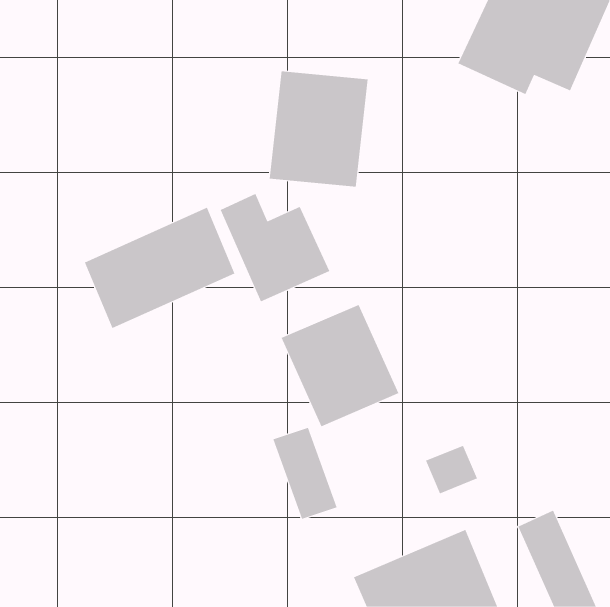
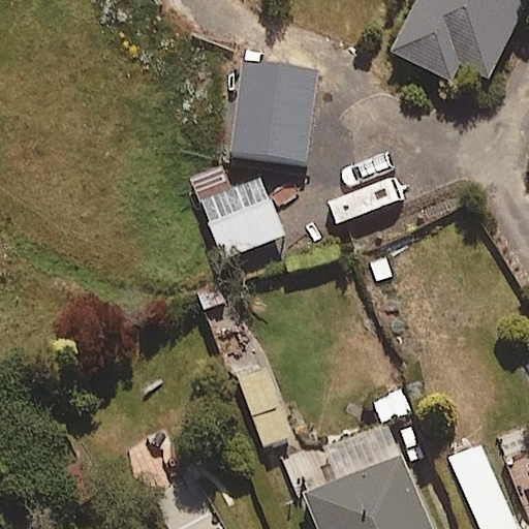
building: [84,207,235,329] -> none
building: [281,304,399,427] -> none

